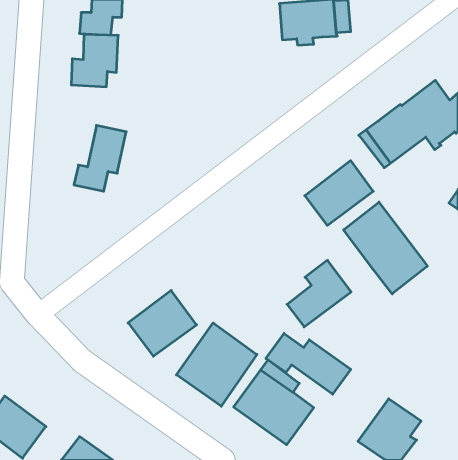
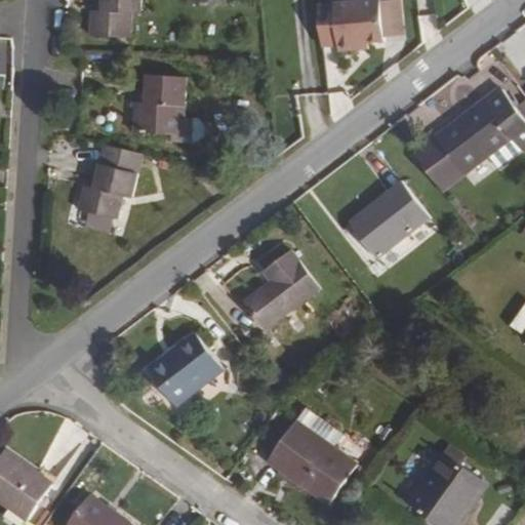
building: [71,34,118,87] -> [136,74,190,133]
building: [344,202,427,294] -> none
building: [287,260,351,327] -> [245,251,318,327]
building: [176,323,257,406] -> none
building: [266,333,351,394] -> none

